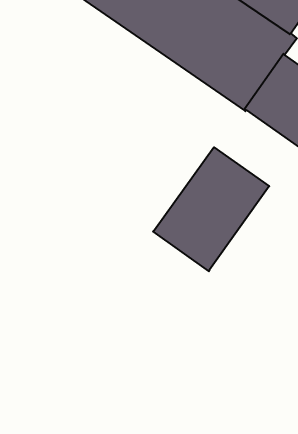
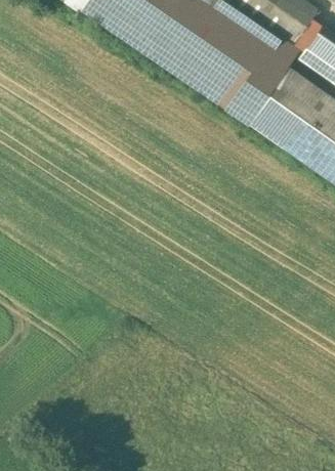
building: [153,147,269,271] -> none

